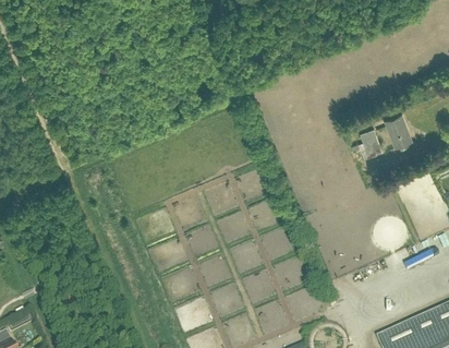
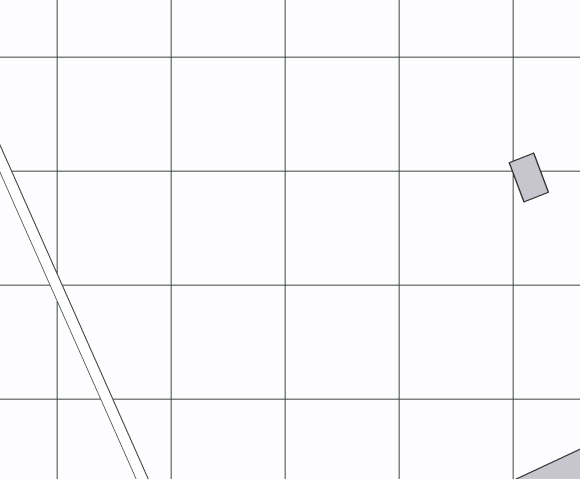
building: [360,129,381,160] -> none

